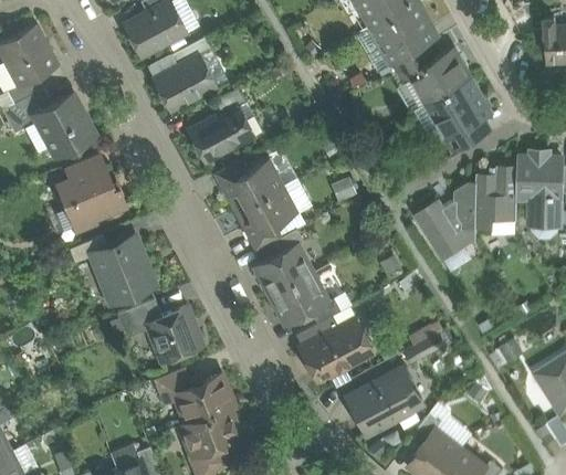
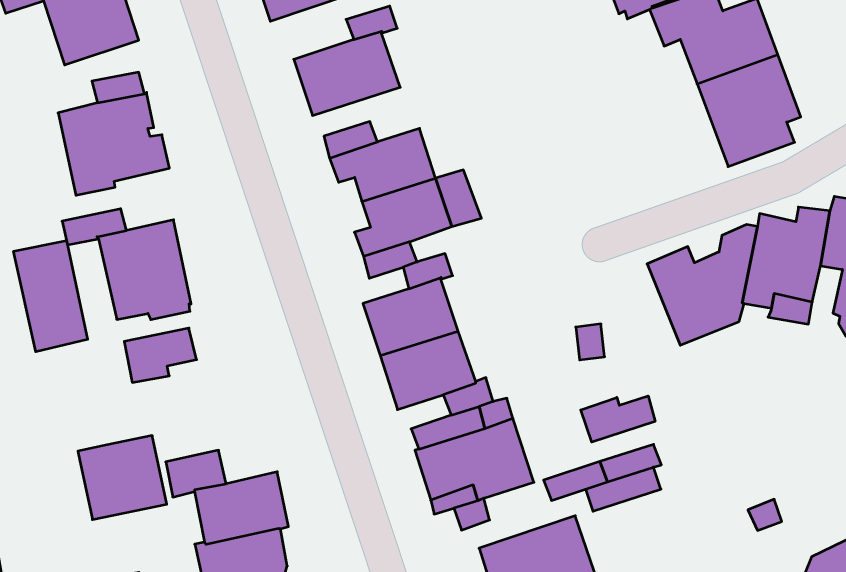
building: none -> [14,240,88,352]
building: none -> [581,396,655,442]
building: [145,306,202,361] -> [78,436,167,520]

